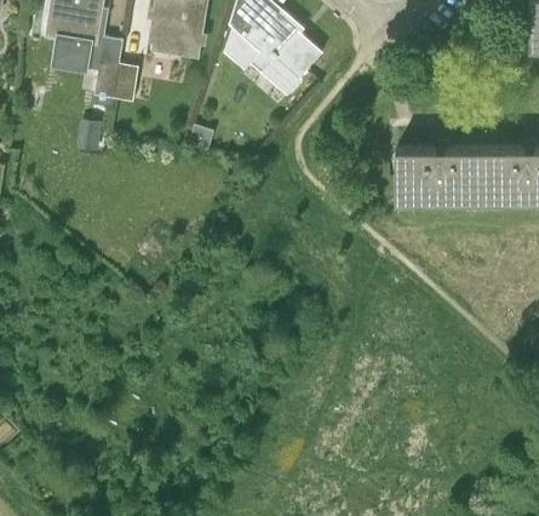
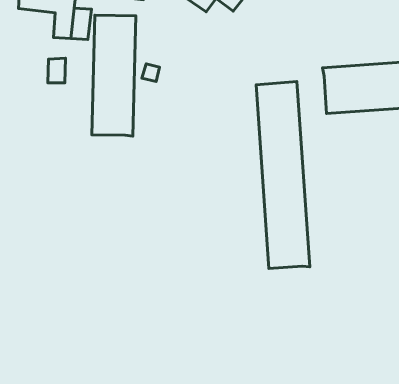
building: none -> [92,15,136,136]
building: none -> [256,82,310,269]

